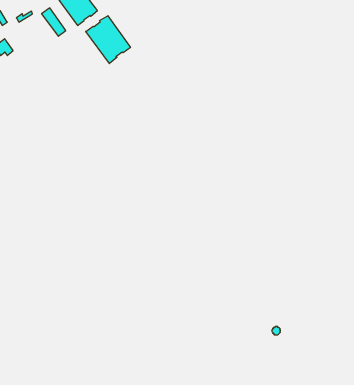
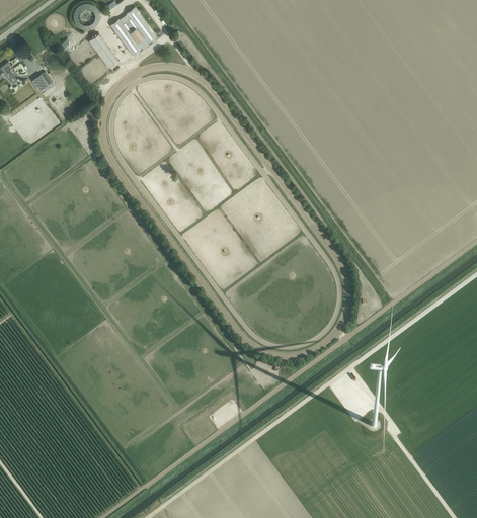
building: [86,16,130,64] -> none

